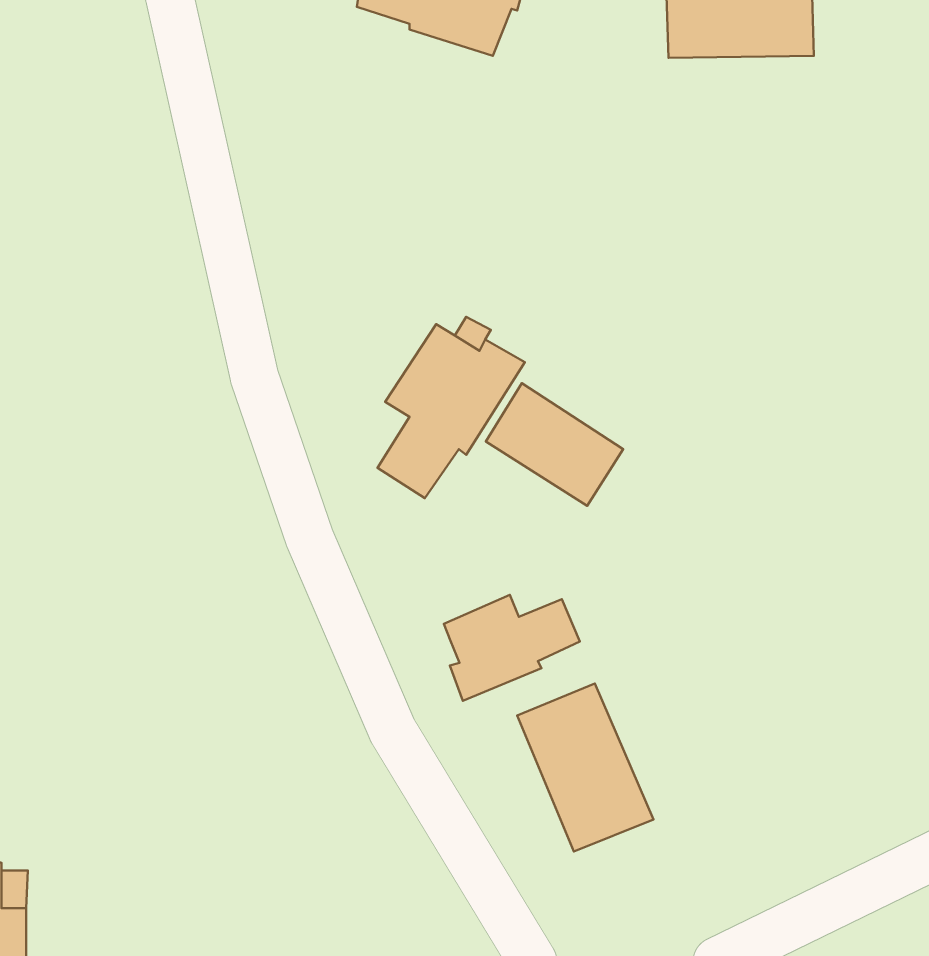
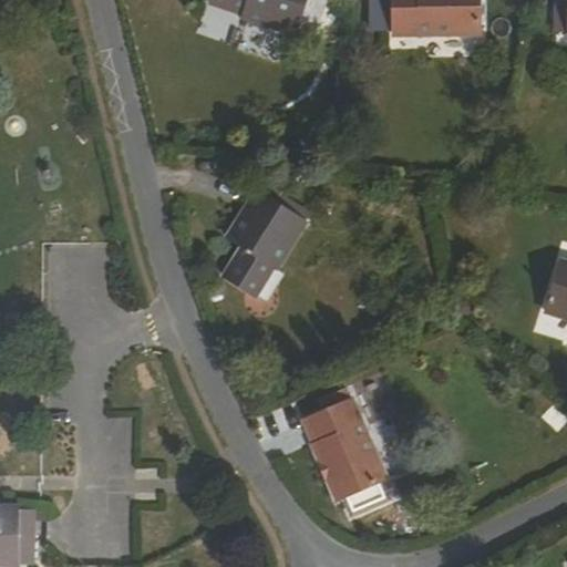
building: [486,383,623,506] -> none
building: [444,595,580,701] -> none

